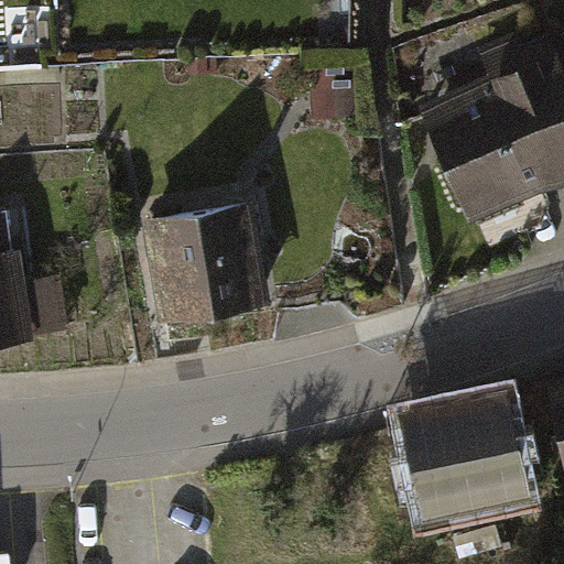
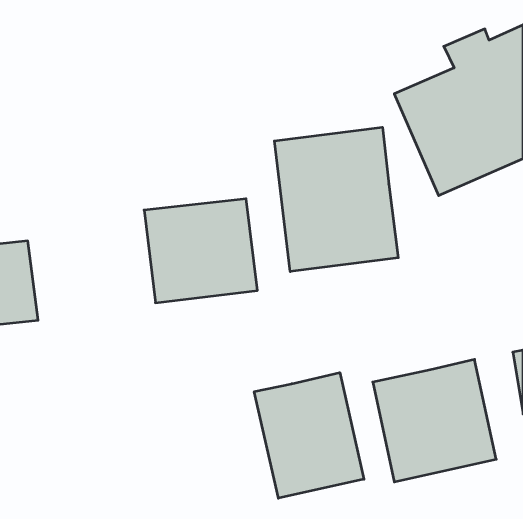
building: none -> [274,127,398,272]
building: none -> [254,373,364,498]

